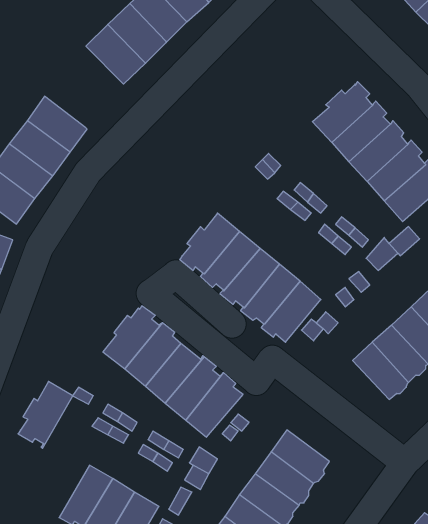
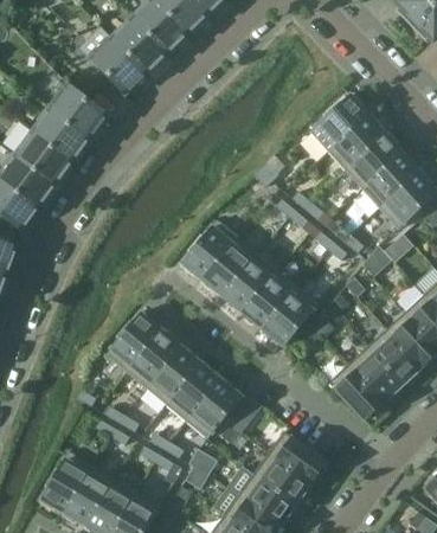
building: none -> [49,83,108,139]
building: none -> [329,364,384,420]
building: [18,381,73,448] -> [39,451,92,516]

